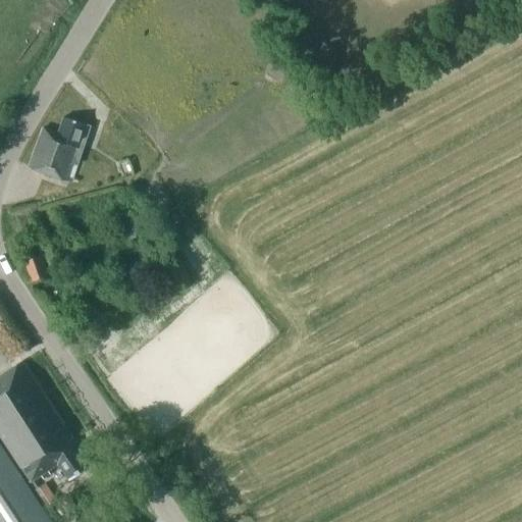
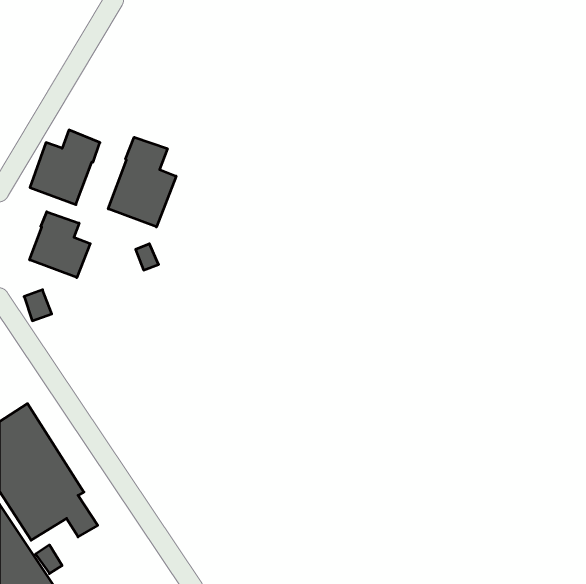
building: none -> [108,137,176,227]
building: none -> [30,212,90,278]

